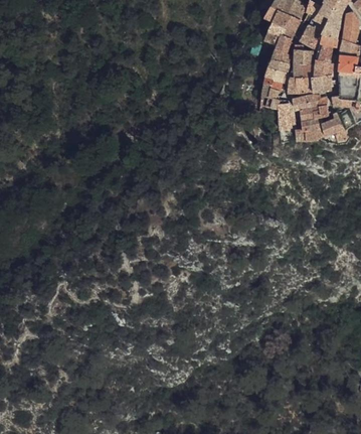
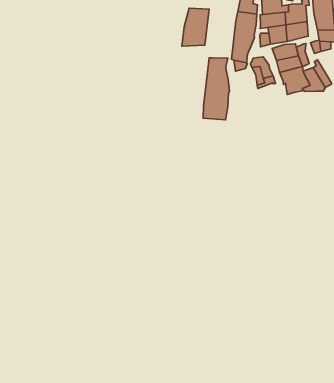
building: none -> [182,8,209,46]
building: none -> [203,58,230,120]

